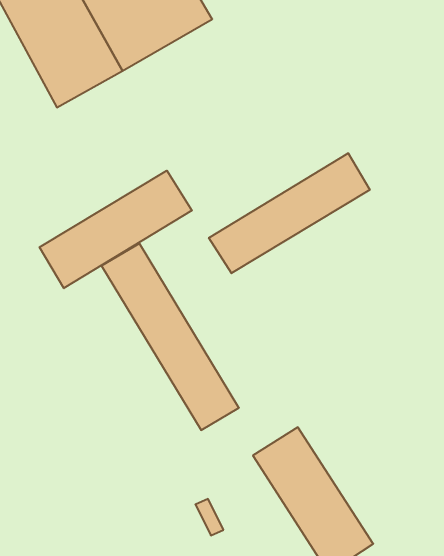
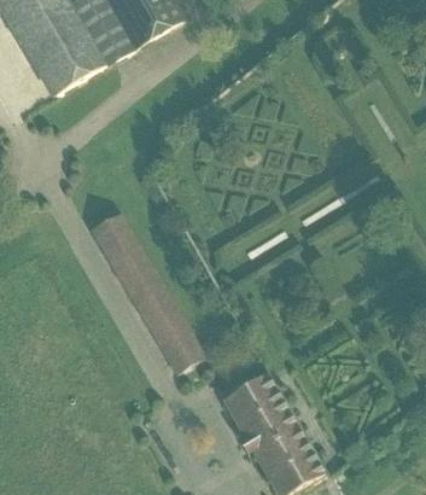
building: [209,153,370,273] -> none
building: [40,171,192,288] -> none

